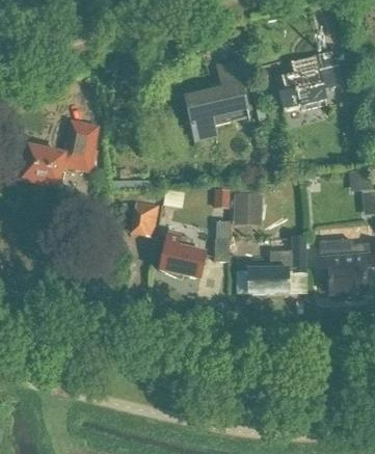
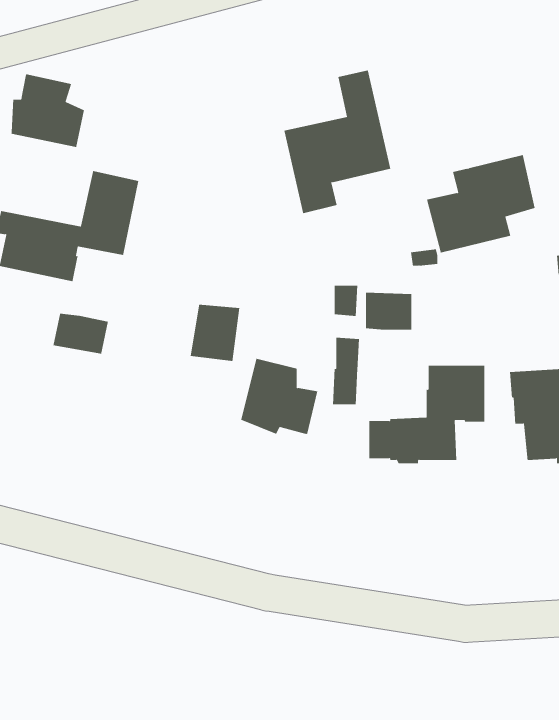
building: [275,50,341,109] -> [426,154,536,253]
building: none -> [10,73,84,148]
building: none -> [53,313,108,354]

